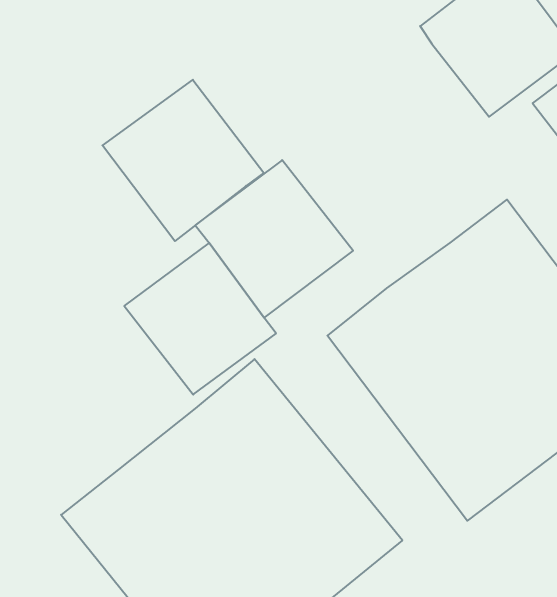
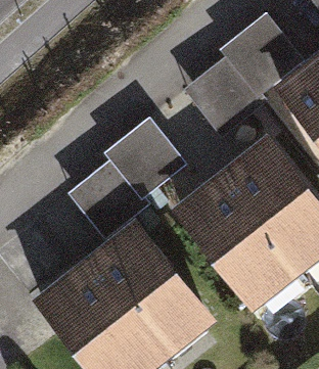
building: none -> [187,59,265,138]
building: [102,80,264,241] -> none

